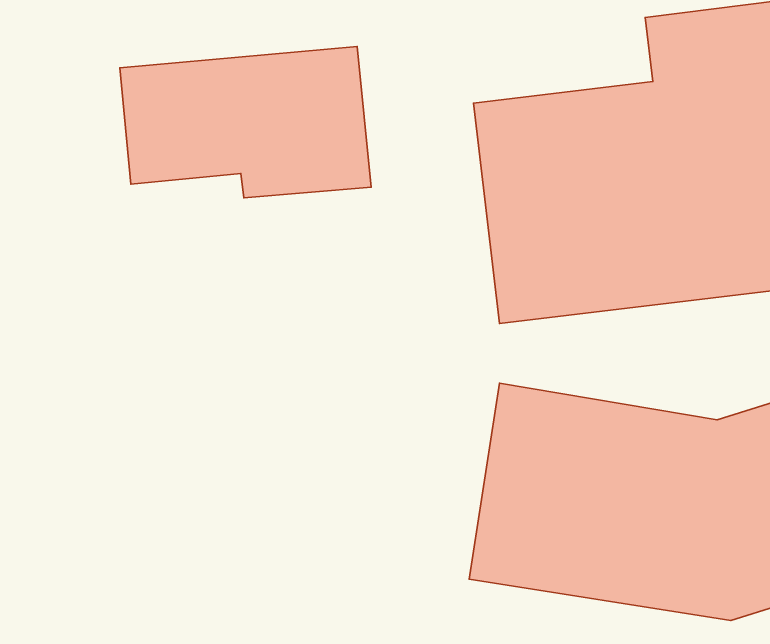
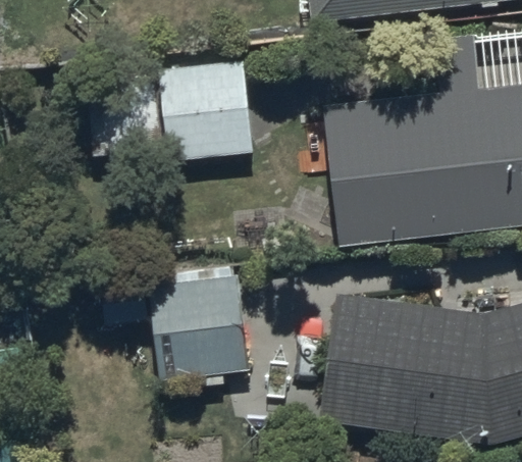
building: none -> [105,269,249,383]

